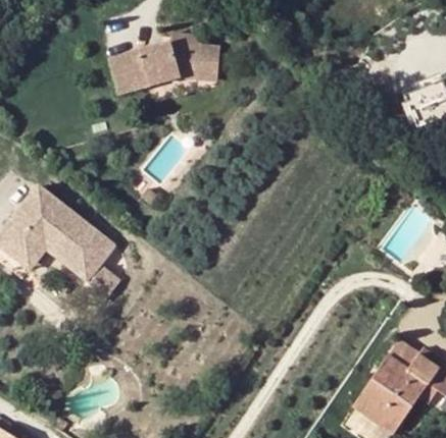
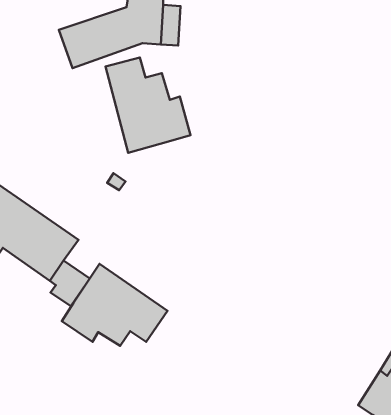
building: none -> [105,57,191,153]
building: none -> [62,264,167,346]

